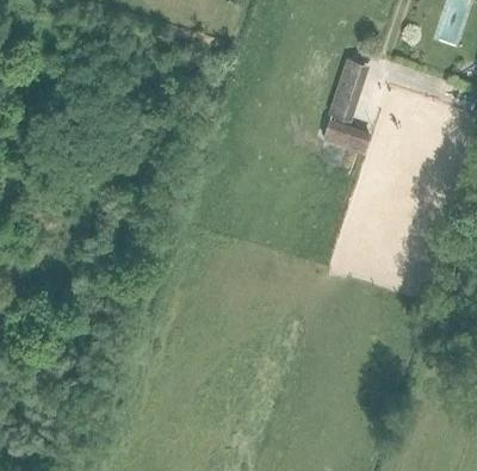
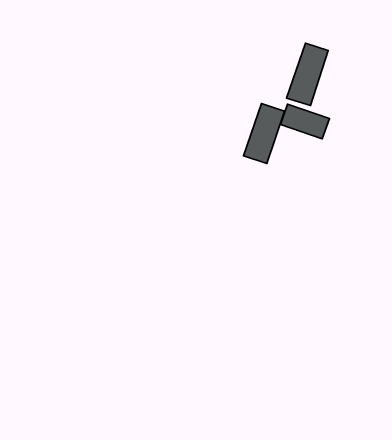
building: none -> [243,103,285,163]

